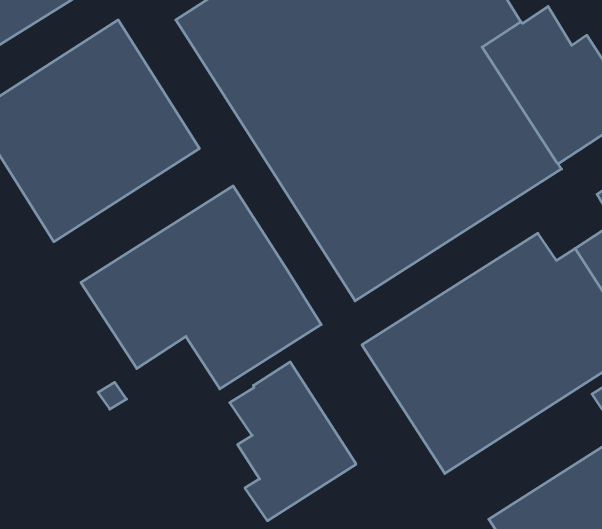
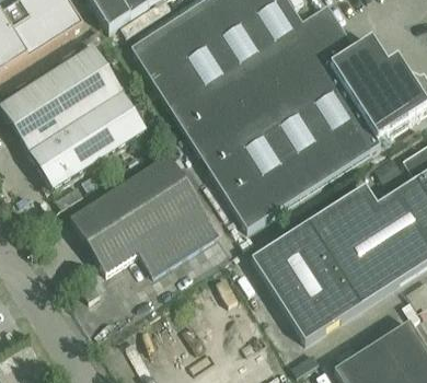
building: [230,362,356,521] -> none

